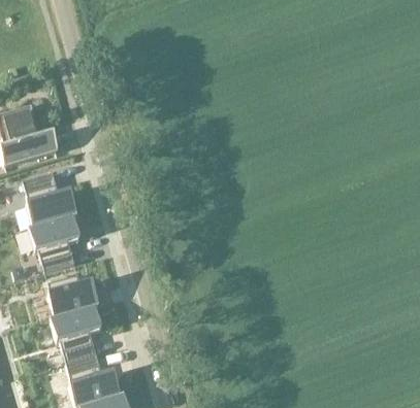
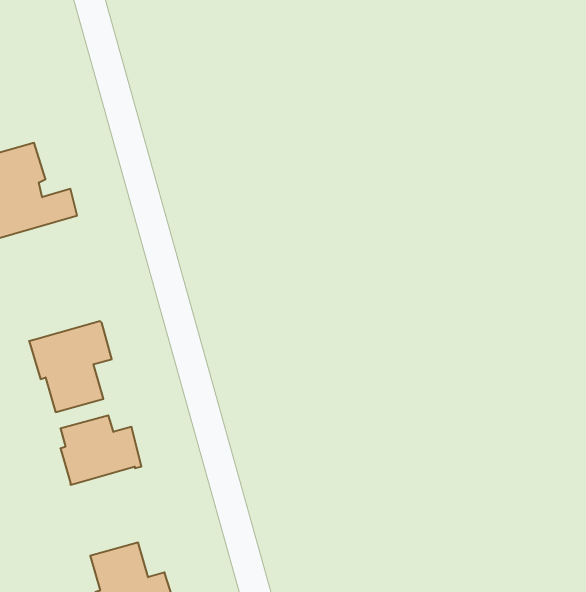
building: [24,172,77,227] -> none
building: [51,306,102,362] -> none

